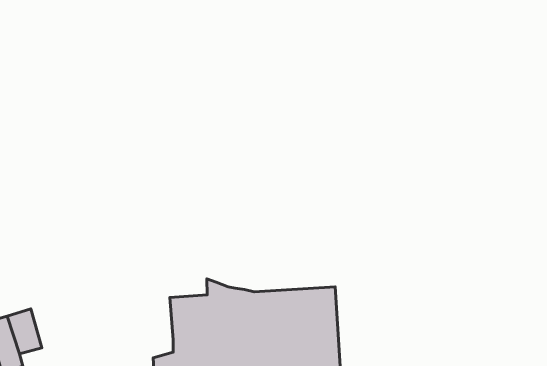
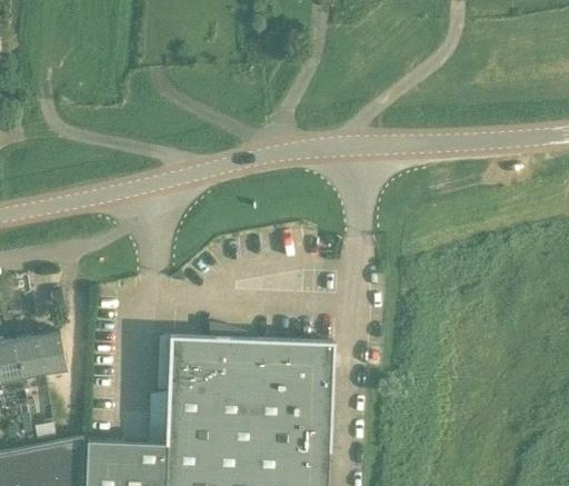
building: none -> [36,330,66,374]

